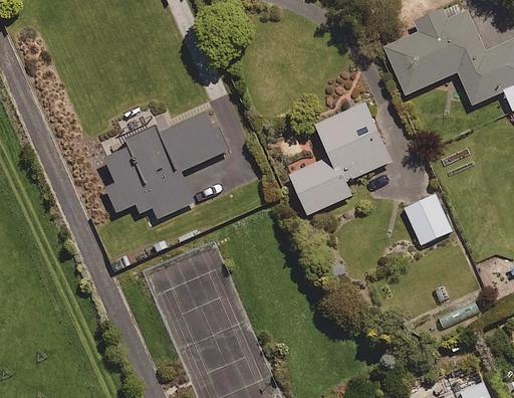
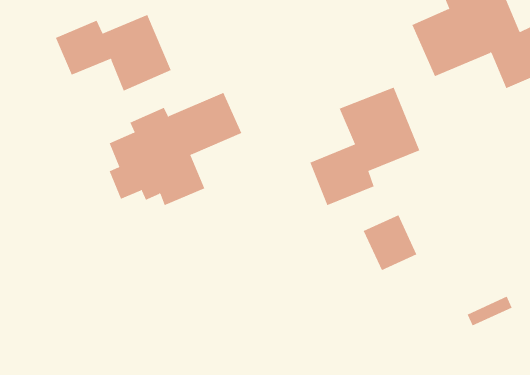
building: none -> [55,14,171,92]
building: [403,195,453,247] -> [363,215,417,271]

